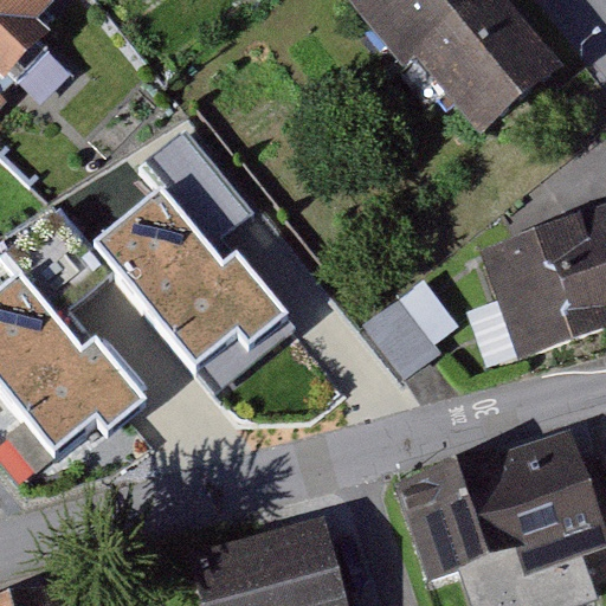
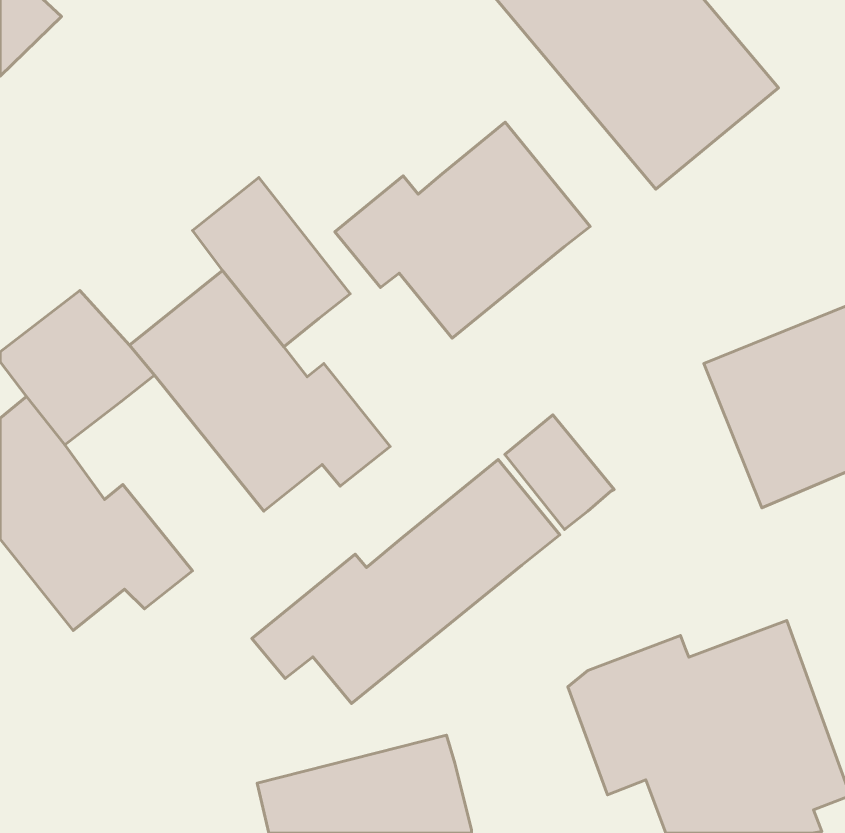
building: none -> [335,122,590,338]
building: none -> [252,460,560,703]

